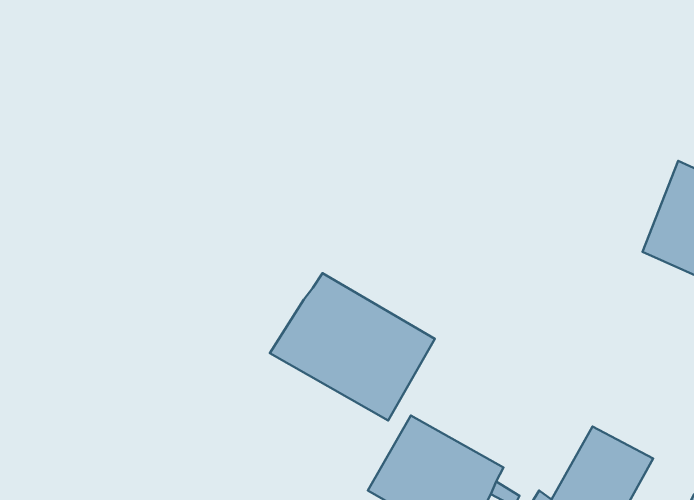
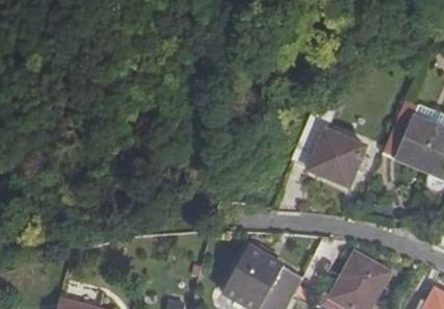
building: none -> [292,102,365,187]
building: [270,273,435,421] -> none

